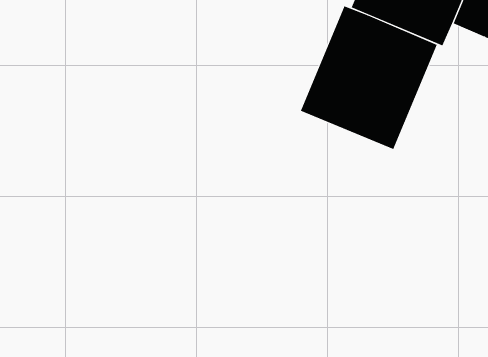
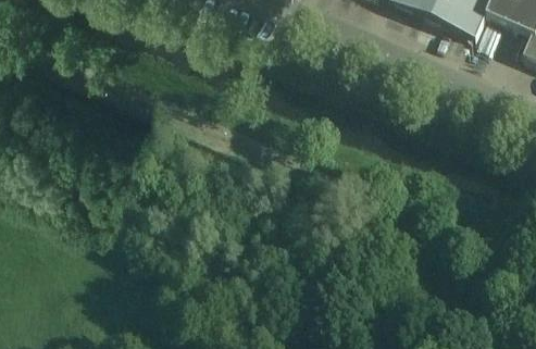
building: [300,6,438,150] -> none

